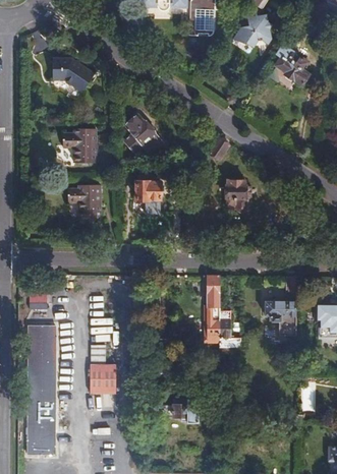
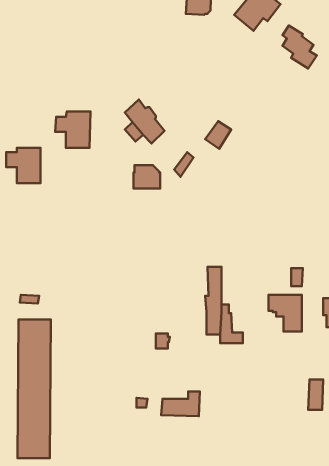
building: [52,56,94,90] -> none
building: [226,179,248,212] -> none
building: [67,183,100,217] -> [6,148,40,183]
building: [88,363,111,393] -> none

